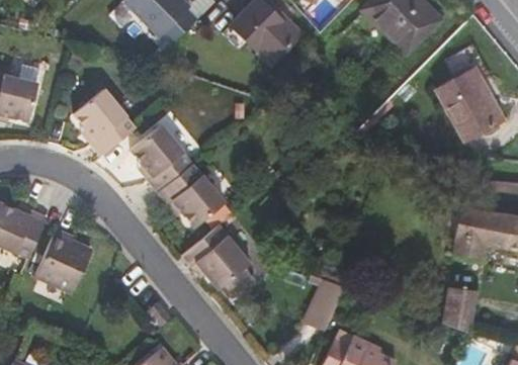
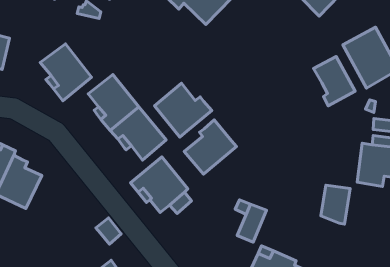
building: none -> [313,57,355,106]
building: none -> [155,83,212,137]
building: none -> [184,120,237,174]
building: [443,287,479,334] -> [321,185,350,224]

